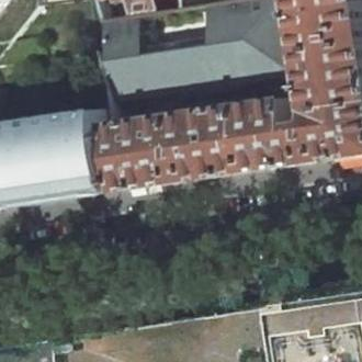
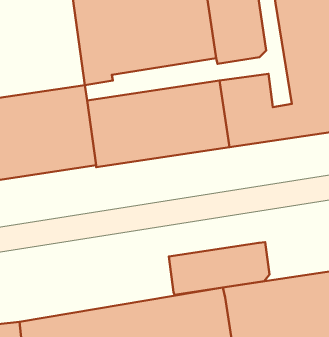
building: none -> [169,242,270,295]

